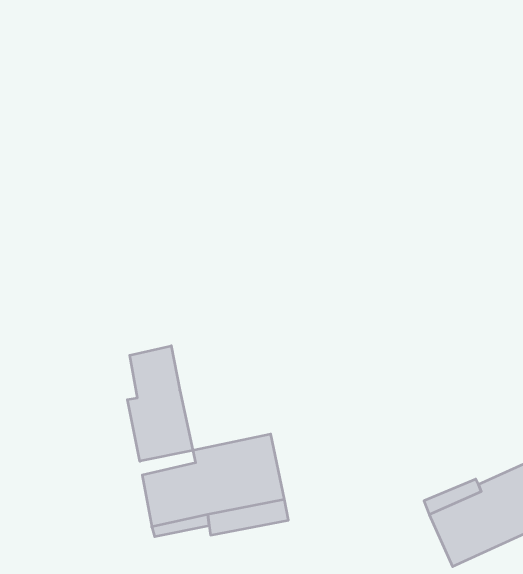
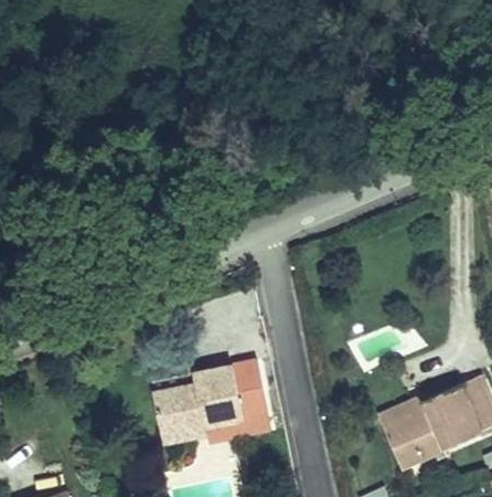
building: [127,346,193,461] -> none

